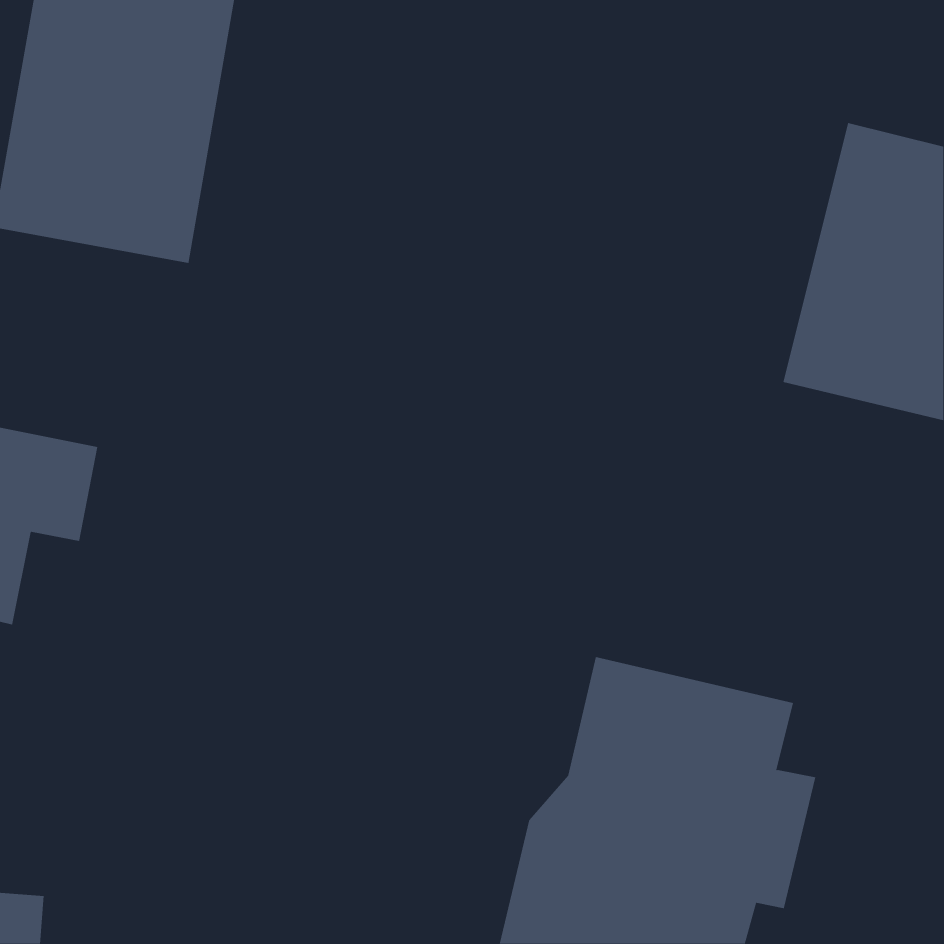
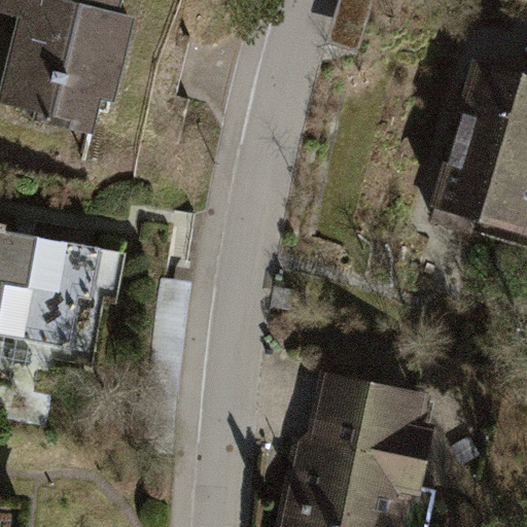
building: none -> [7,248,133,363]

